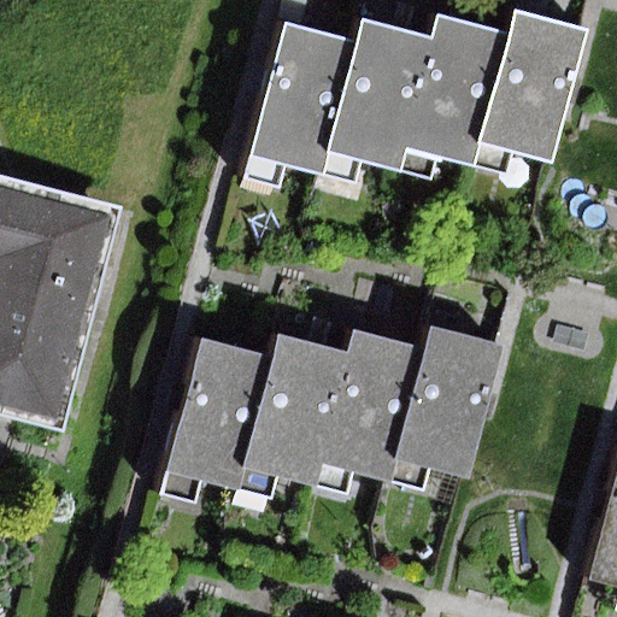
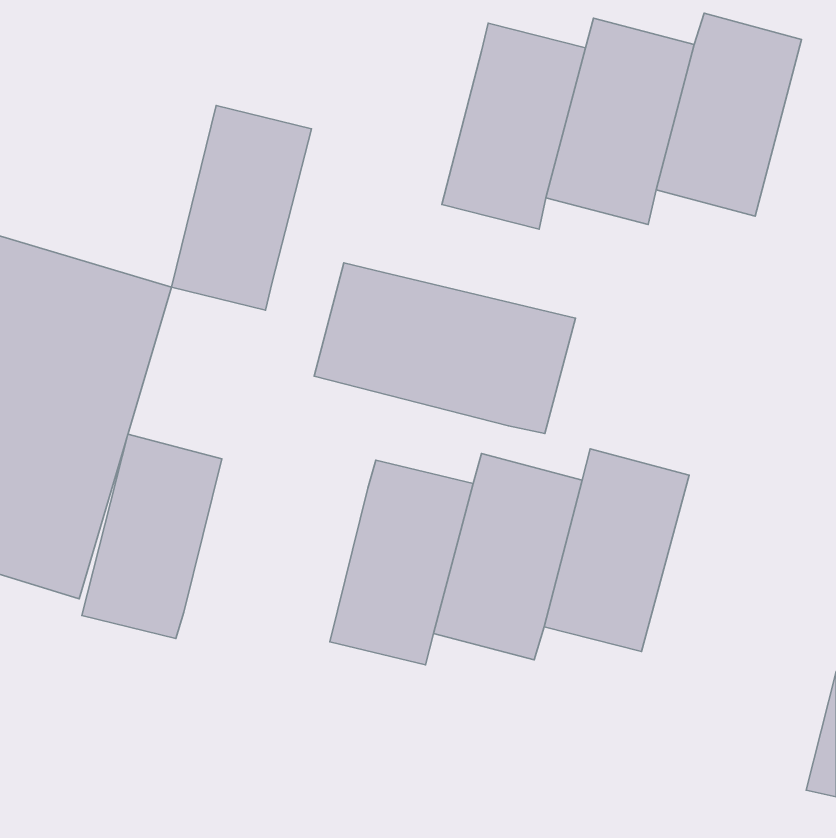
building: [249,20,352,170] -> [171,106,312,310]
building: none -> [314,263,575,433]
building: [166,339,269,488] -> [82,434,222,639]

